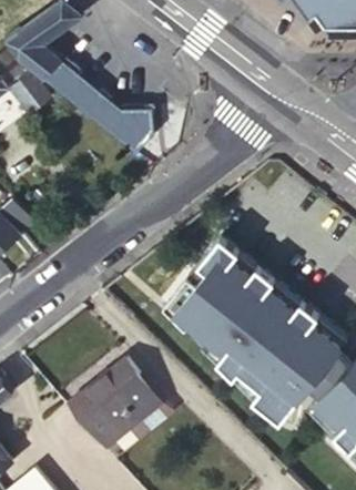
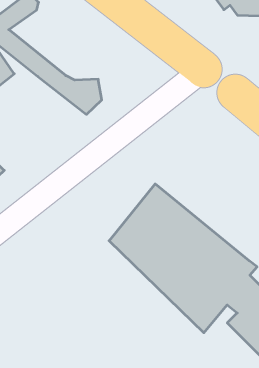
building: [71,358,162,446] -> none

